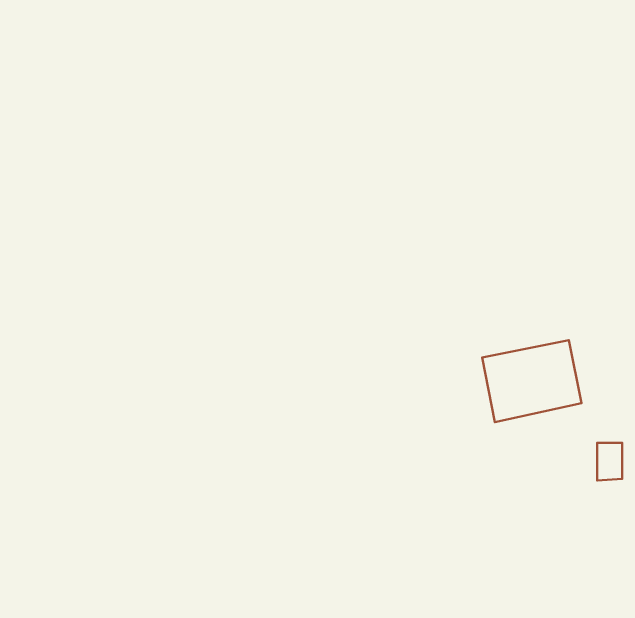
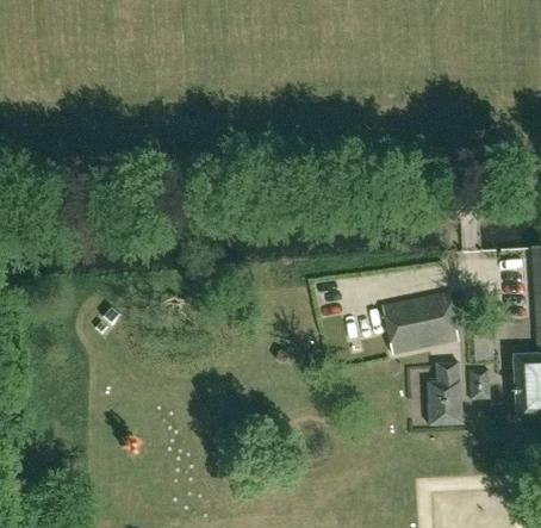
building: none -> [427,362,462,427]

